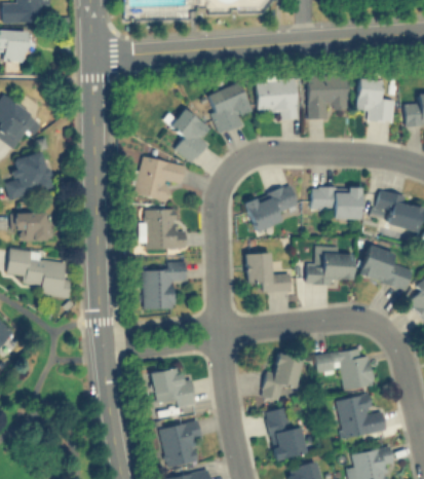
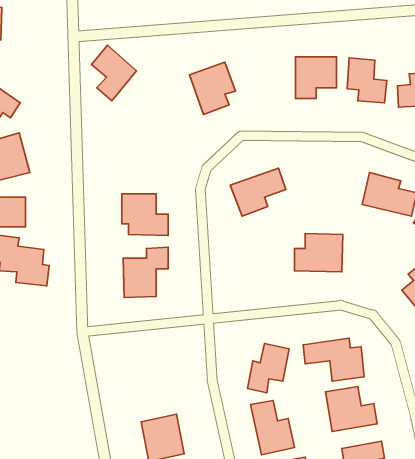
building: [257,79,298,119] -> none
building: [170,108,214,161] -> [92,45,137,101]
building: [133,156,185,201] -> none
building: [312,187,361,220] -> none
building: [359,245,413,291] -> none
building: [245,253,292,292] -> none
building: [151,368,195,407] -> none

